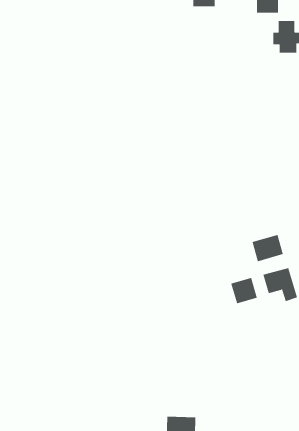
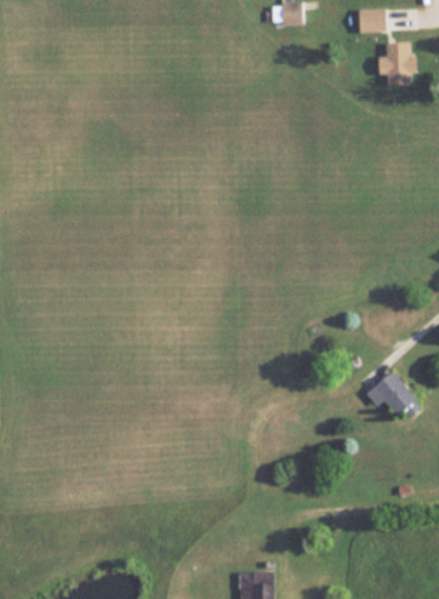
building: [252,234,284,262] -> none
building: [231,277,258,304] -> none

